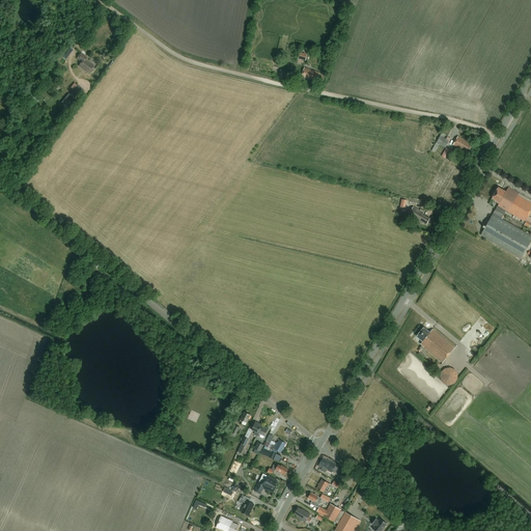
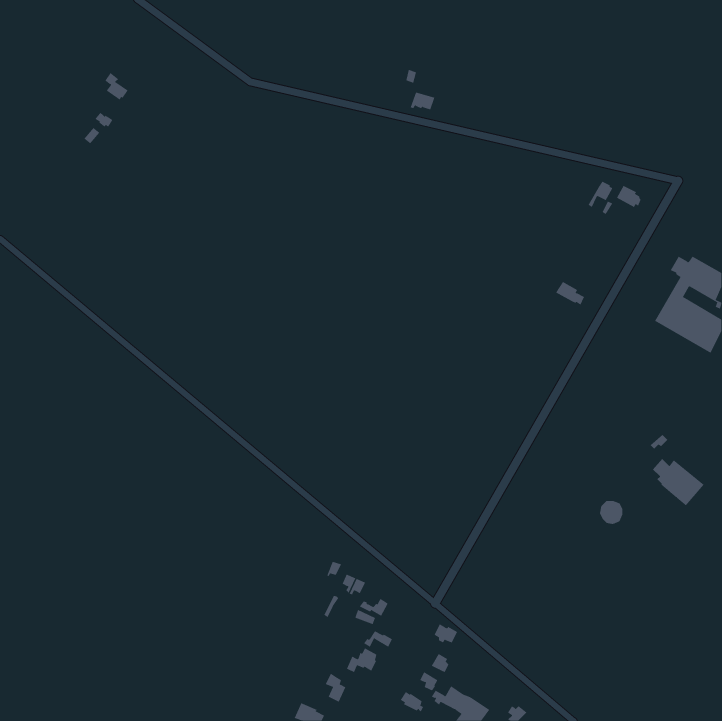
building: [417,328,455,363] -> [652,458,705,506]

